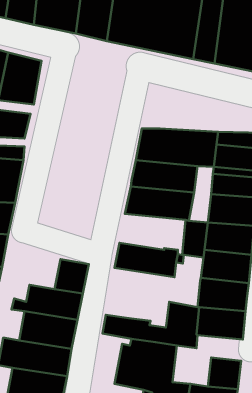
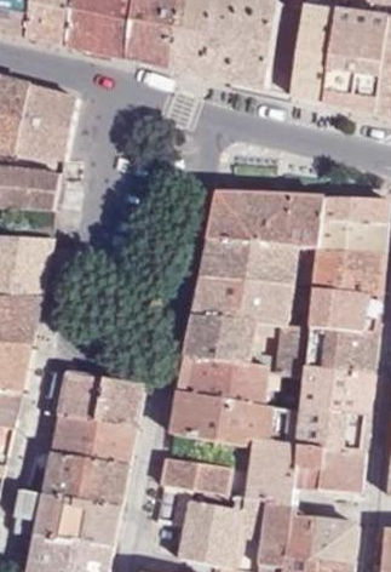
building: none -> [185,314,255,365]
building: none -> [41,371,102,421]
building: none -> [171,390,299,446]
building: none -> [260,501,315,559]

